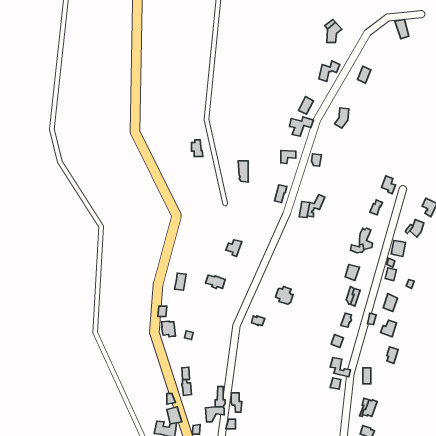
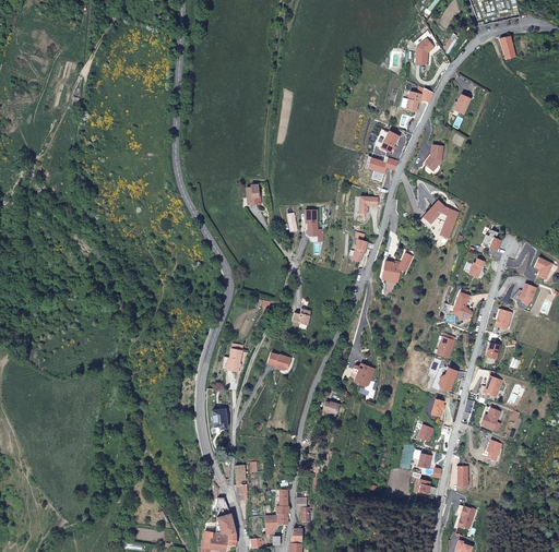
building: none -> [420,201,457,239]

